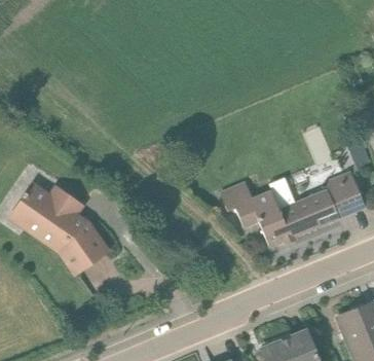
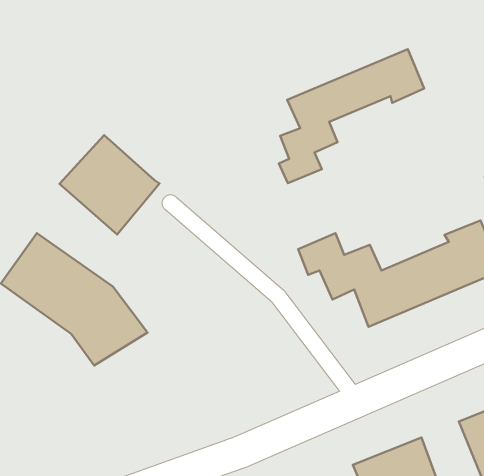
building: none -> [279,49,424,183]
building: none -> [60,135,160,234]

